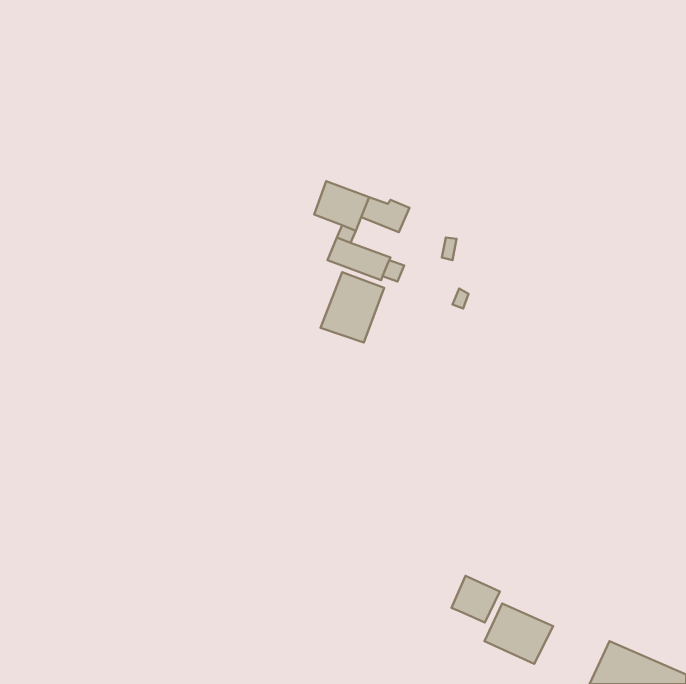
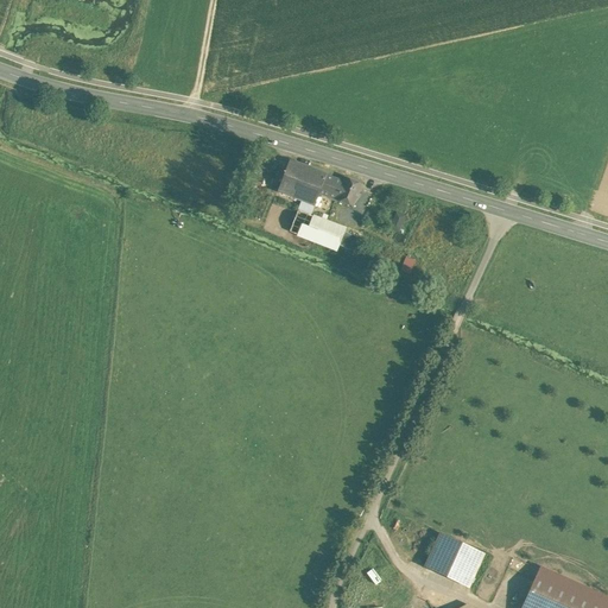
building: [321,272,384,343] -> none
building: [452,576,500,623] -> none

